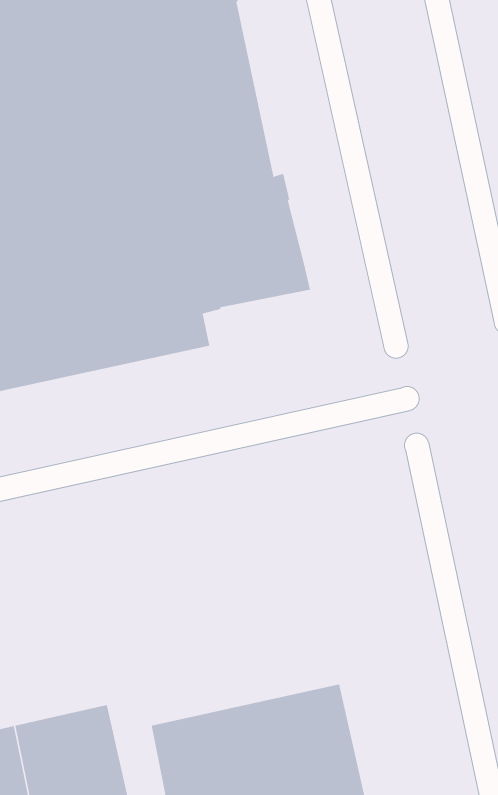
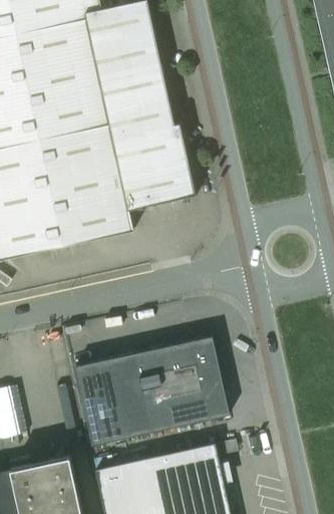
building: none -> [74,335,230,446]

